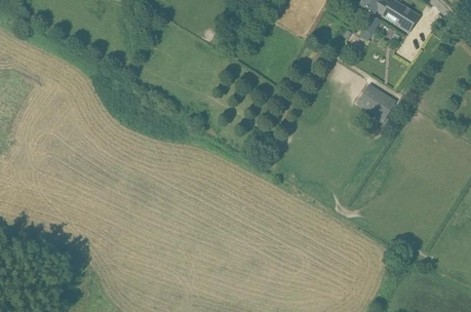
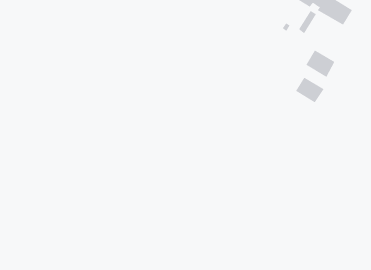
building: none -> [305,50,335,78]

